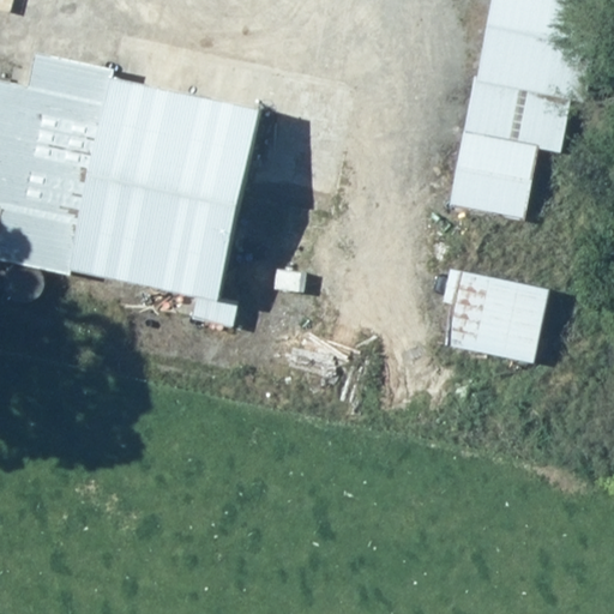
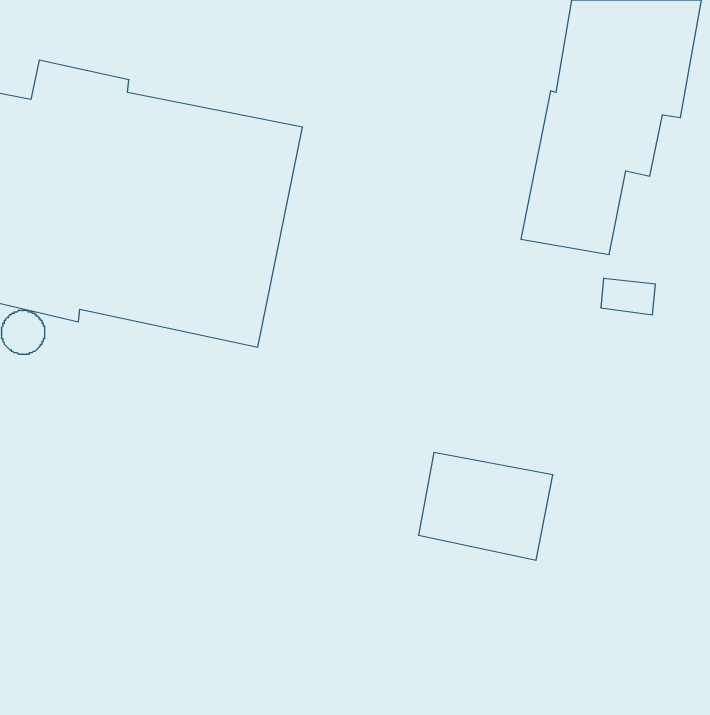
building: [433,270,548,362] -> [418,453,553,560]

